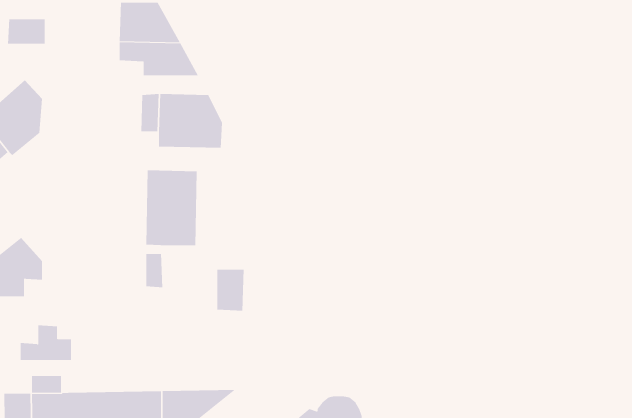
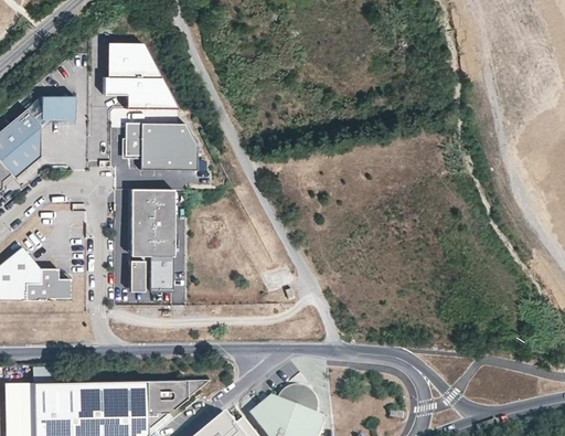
building: [7,19,45,44] -> [41,96,74,118]
building: [217,269,244,311] -> [149,255,173,291]
building: [20,325,72,360] -> [24,268,70,299]

